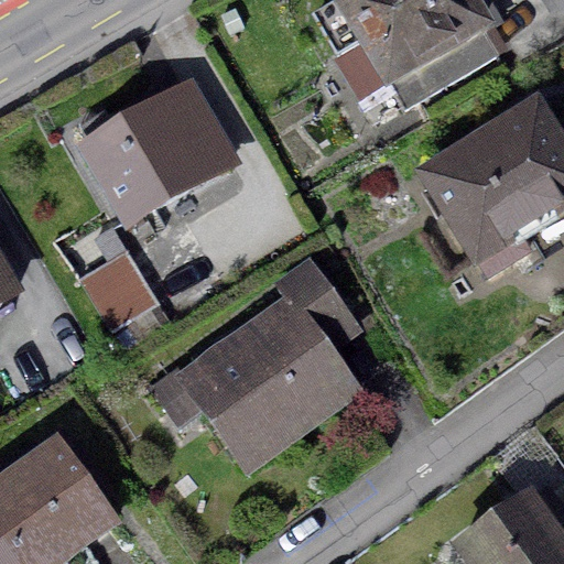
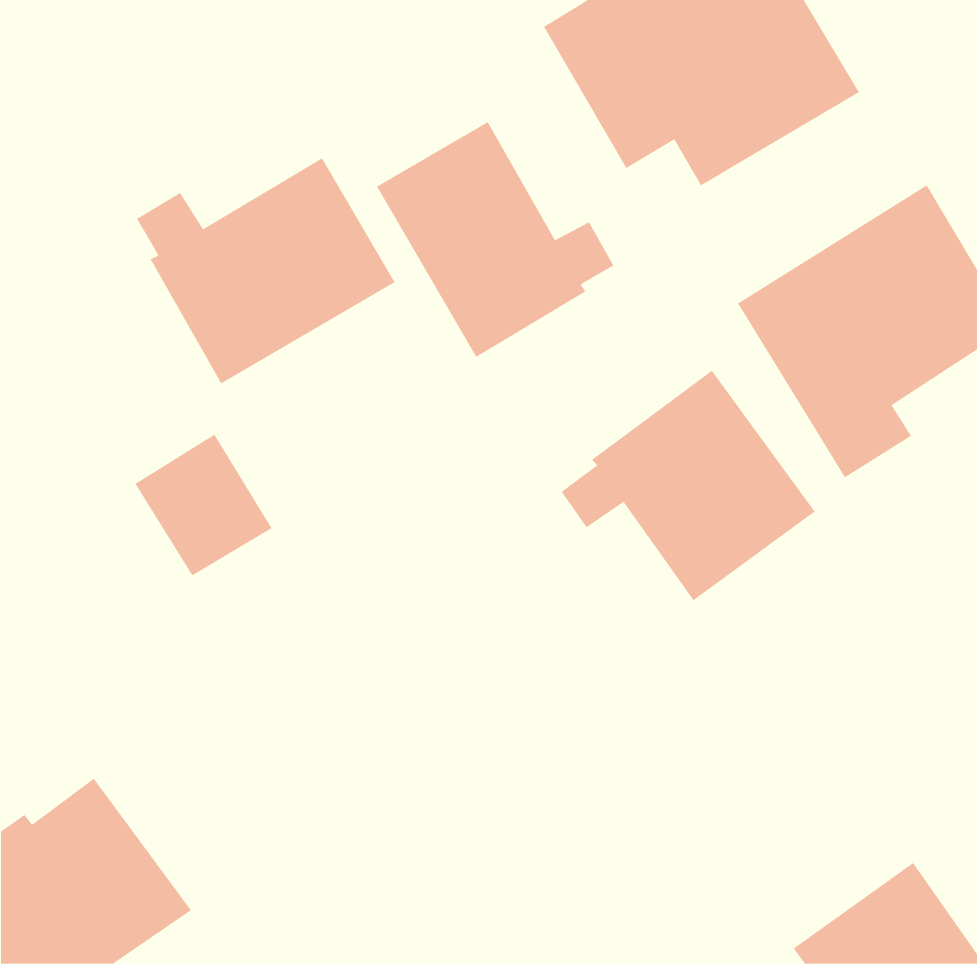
building: none -> [376,121,614,358]
building: none -> [561,370,816,601]
building: [181,263,354,468] -> none

